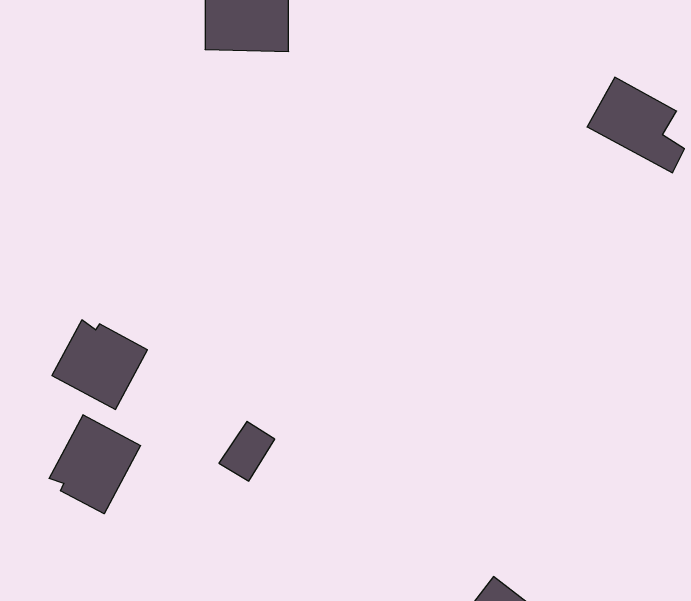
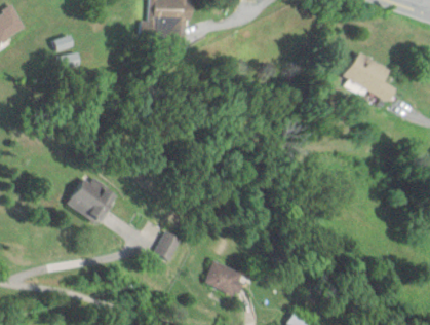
building: [49,415,141,514] -> none
building: none -> [204,259,245,296]

